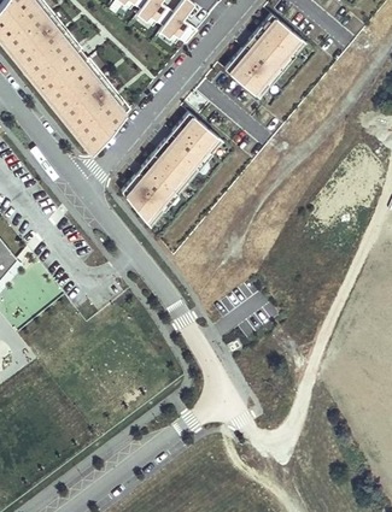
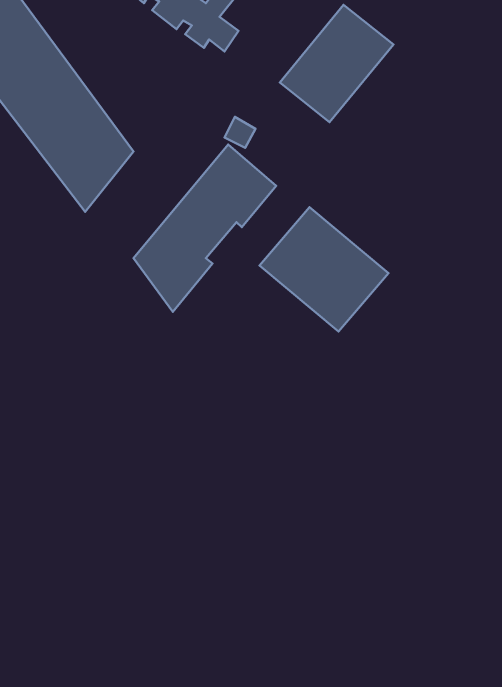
building: none -> [259,207,389,332]

